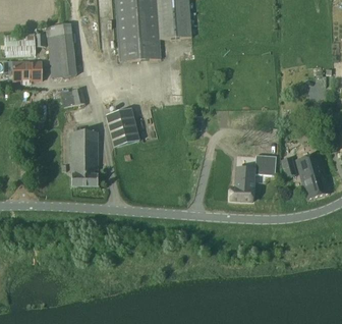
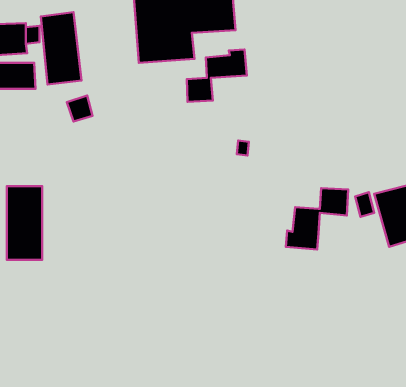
building: none -> [187,49,247,102]
building: [105,108,139,147] -> none
building: [71,131,98,186] -> [7,186,42,260]

